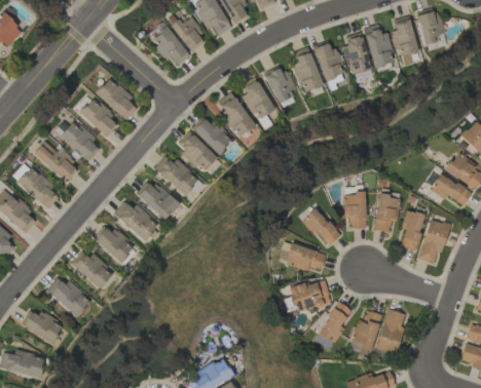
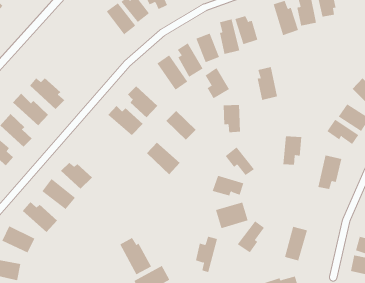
building: [343,32,370,75] -> [257,66,278,101]
building: [95,77,137,121] -> none
building: [78,99,119,138] -> none
building: none -> [205,67,230,99]
building: [192,116,231,154] -> [166,110,197,140]
building: [136,179,179,221] -> [146,142,181,175]
building: [343,193,366,229] -> [223,104,241,133]
building: [112,201,157,240] -> none
building: [400,209,424,250] -> none
building: [351,311,380,357] -> [195,236,218,273]
building: none -> [119,237,152,275]

